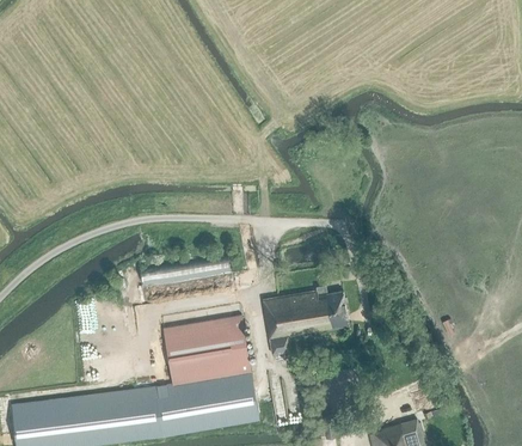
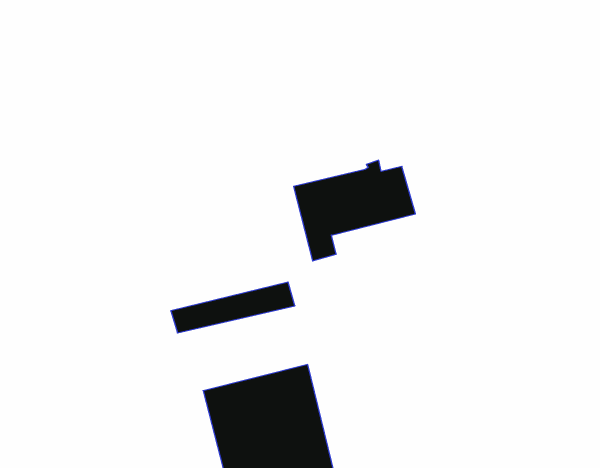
building: [259,285,348,355] -> [294,160,415,261]

